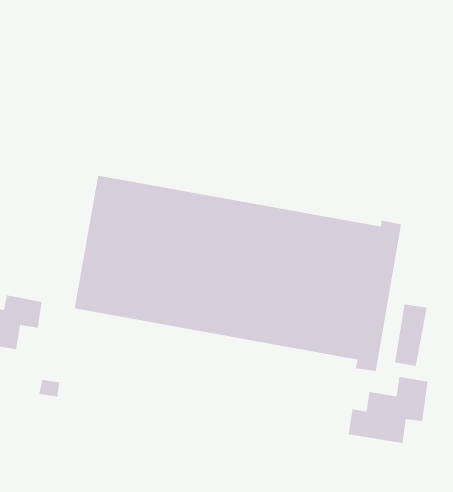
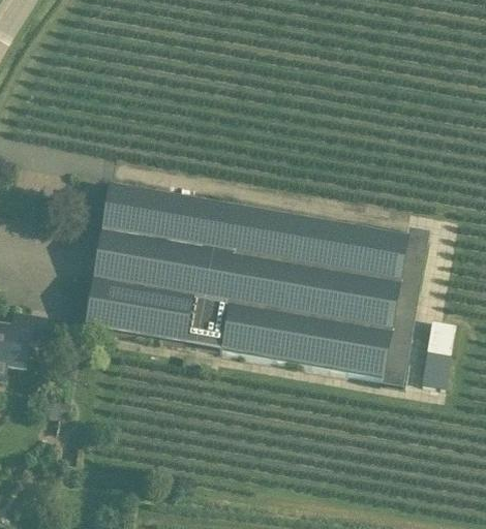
building: [348,376,428,444] -> none

